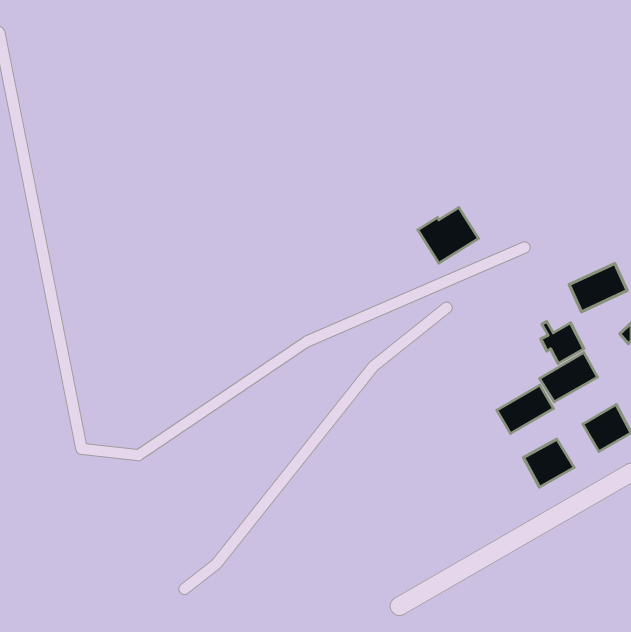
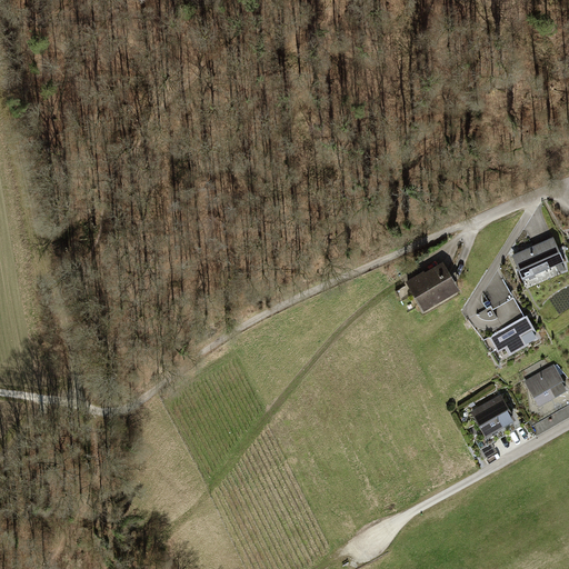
building: [418,208,478,263] -> [405,261,459,311]
building: [497,385,554,434] -> none

